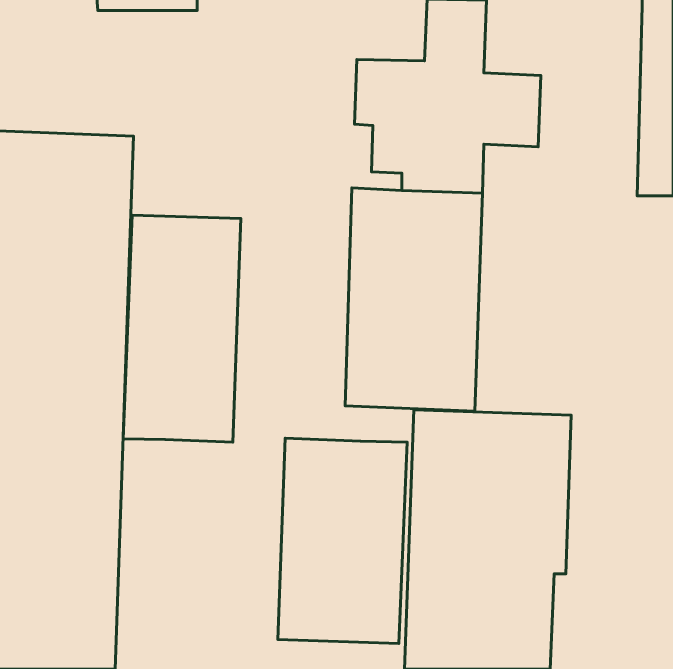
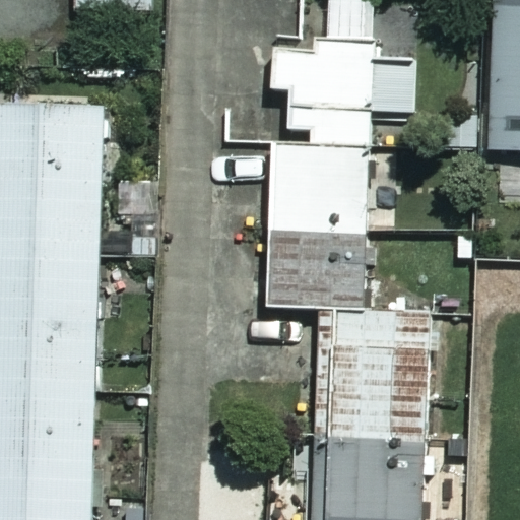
building: [123,215,241,442] -> none
building: [278,438,407,644] -> none

